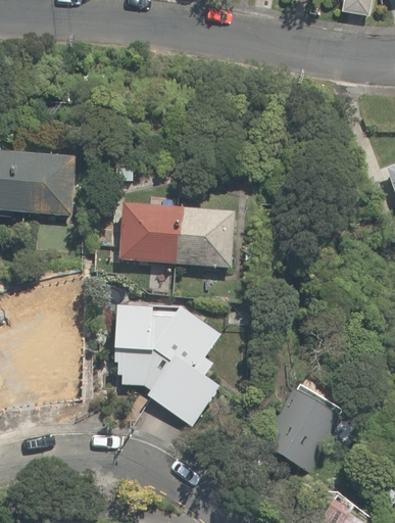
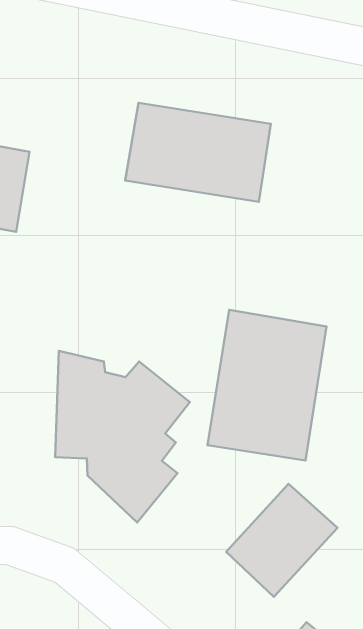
building: [119,203,227,269] -> [125,103,271,202]
building: none -> [208,310,327,460]

